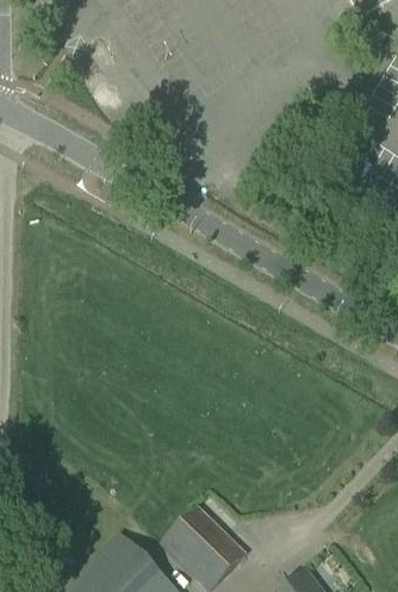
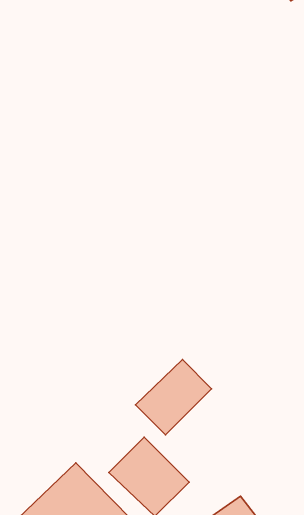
building: none -> [135,360,212,435]

